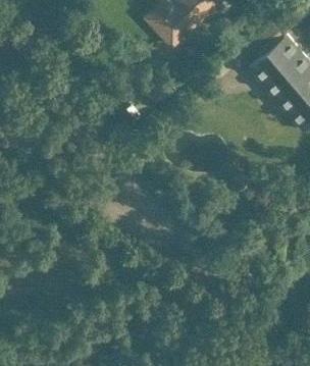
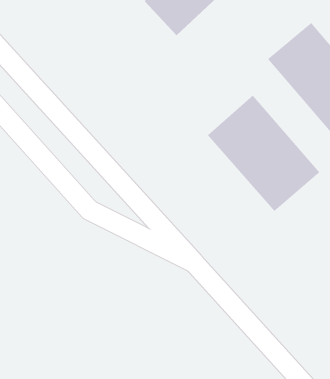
building: none -> [207,95,320,212]

